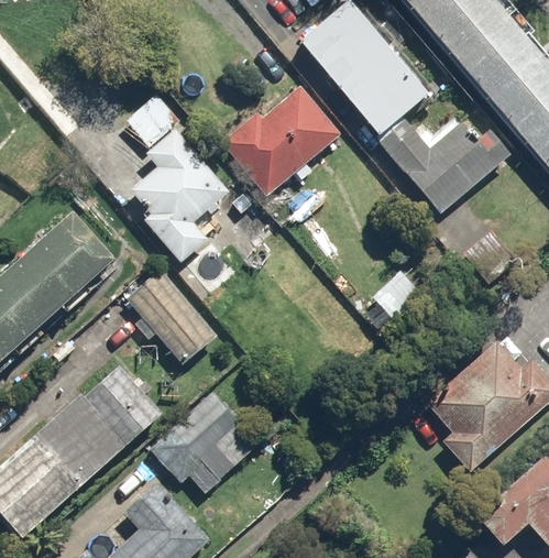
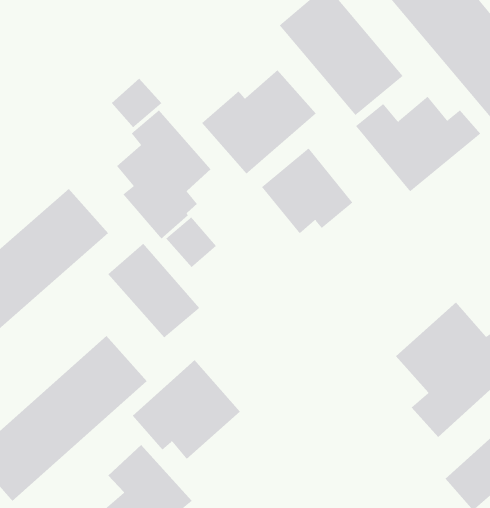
building: none -> [261,148,353,234]

